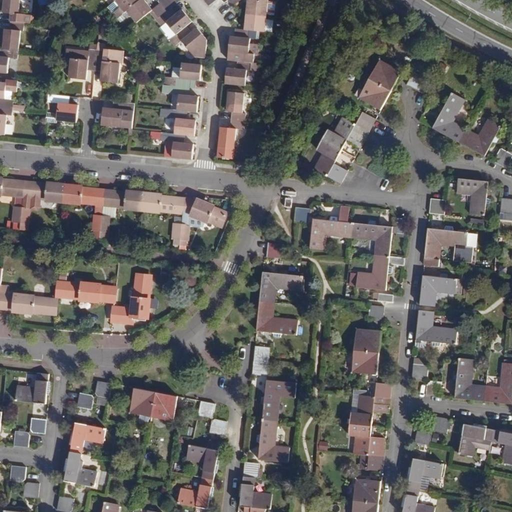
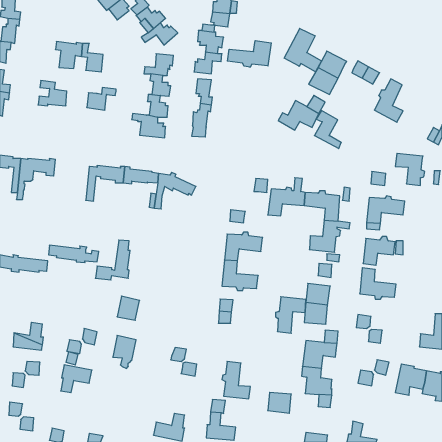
building: none -> [284,28,322,72]
building: none -> [227,41,271,67]
building: [458,119,501,156] -> none
building: [313,139,344,183] -> [314,110,341,149]
building: [62,184,103,231] -> none
building: [452,357,485,400] -> none
building: [260,377,295,419] -> [276,297,306,333]
building: [152,392,178,420] -> [117,296,140,320]
building: [186,444,221,479] -> none
building: [62,451,97,486] -> none
building: [407,456,444,489] -> none
building: [353,478,380,502] -> [268,392,291,413]

